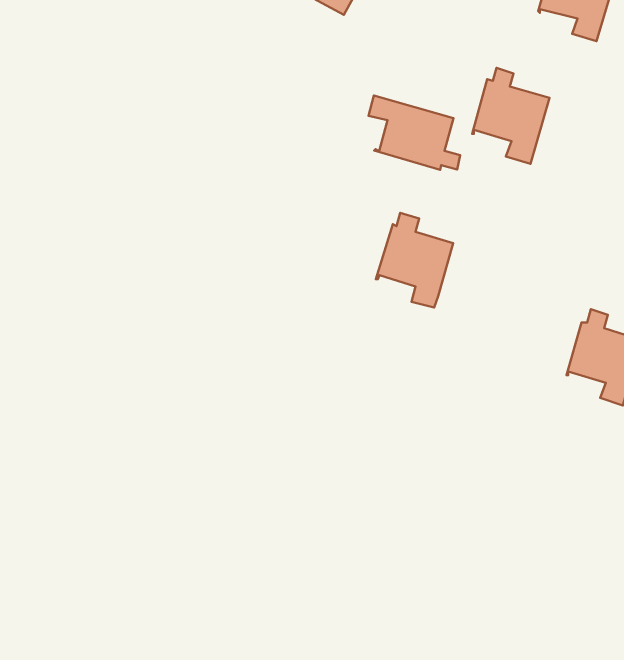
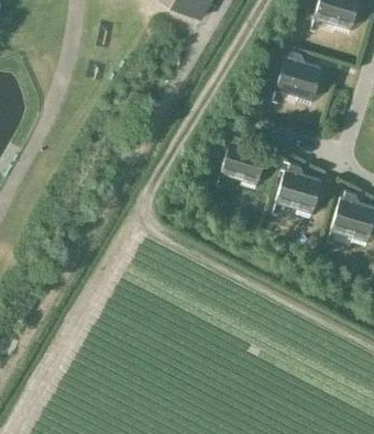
building: [369,95,460,170] -> none
building: none -> [275,164,321,219]

